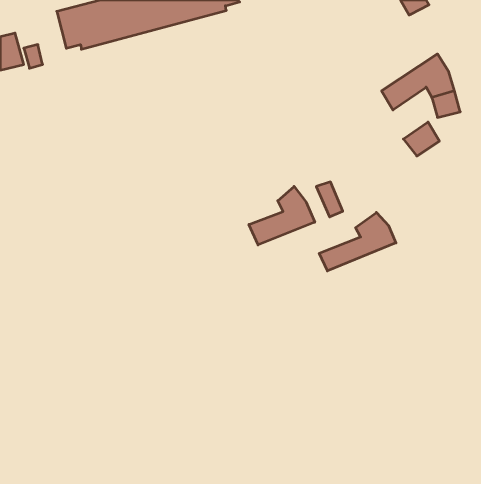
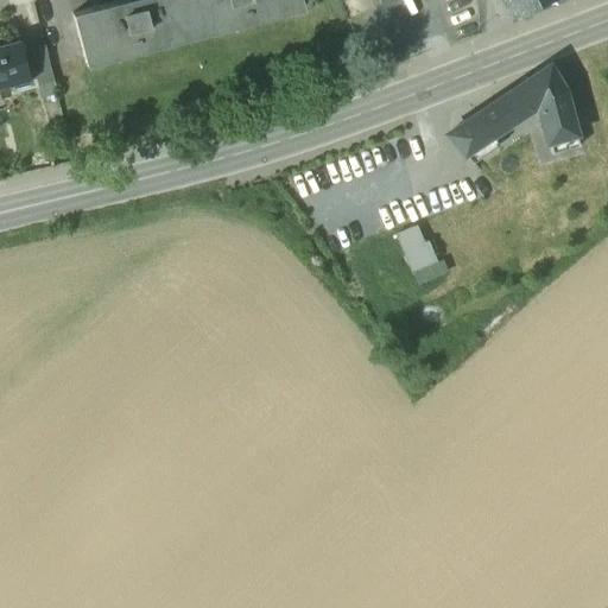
building: [403,122,439,156] -> [451,114,496,157]
building: [249,186,315,245] -> none
building: [319,212,396,271] -> none

